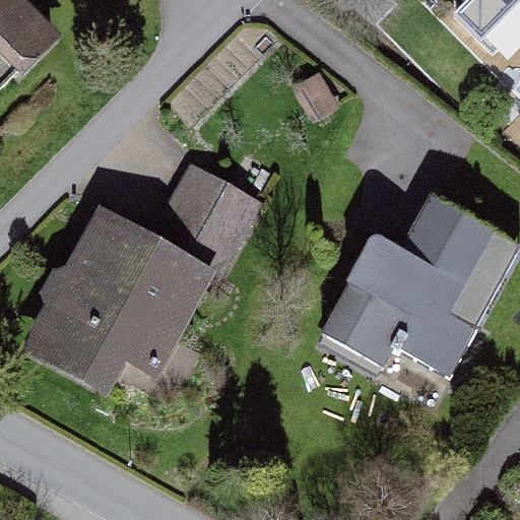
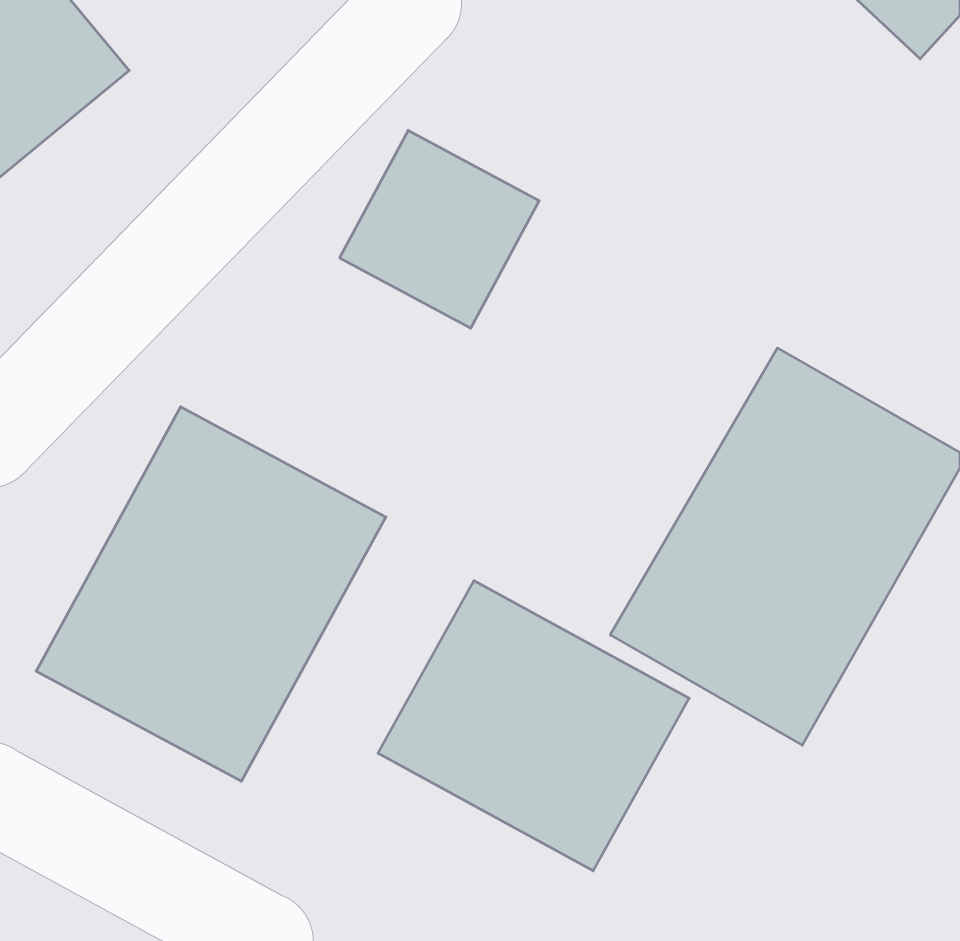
building: [154,172,261,277] -> [340,130,539,328]
building: none -> [378,581,689,871]

